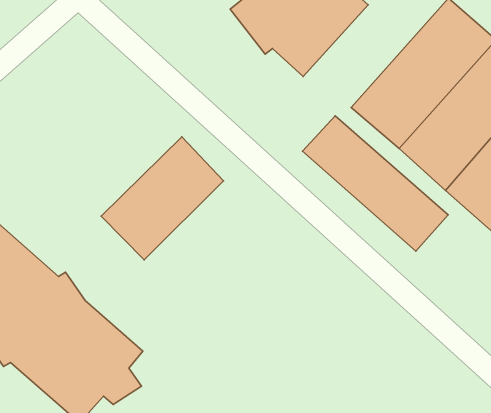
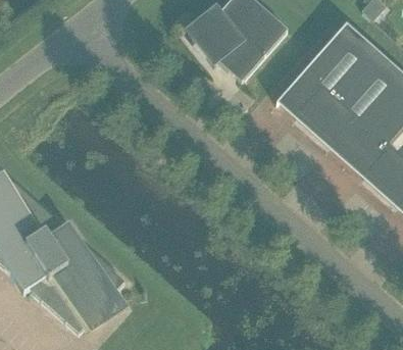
building: [303,116,448,251] -> none
building: [101,137,224,260] -> none

